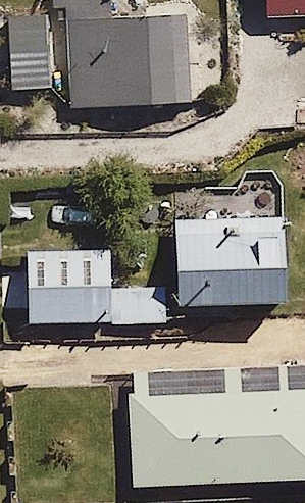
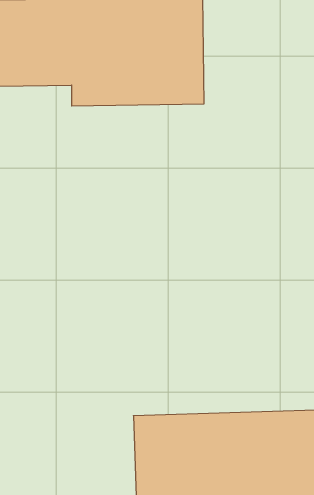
building: [170,216,288,312] -> none
building: [27,236,168,323] -> none

